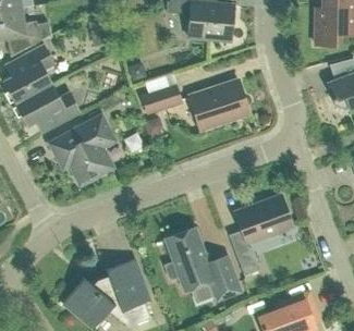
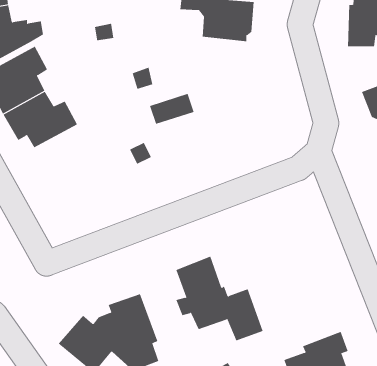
building: [190,79,249,130] -> none
building: [49,114,117,185] -> none
building: [230,195,293,275] -> none

